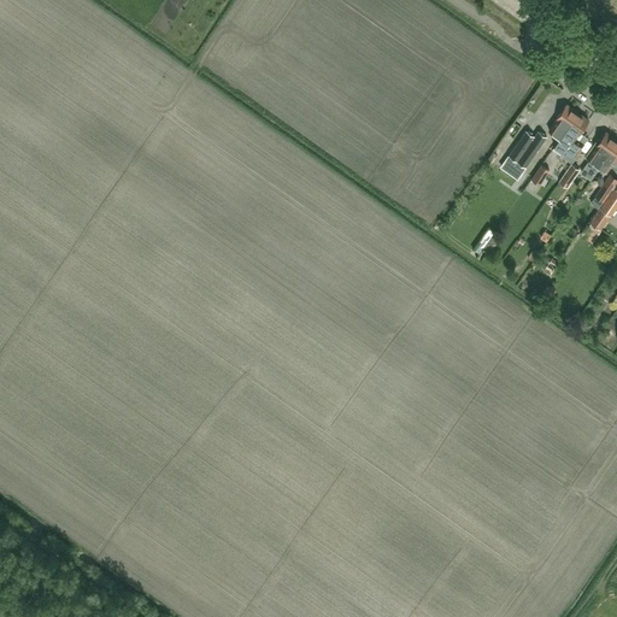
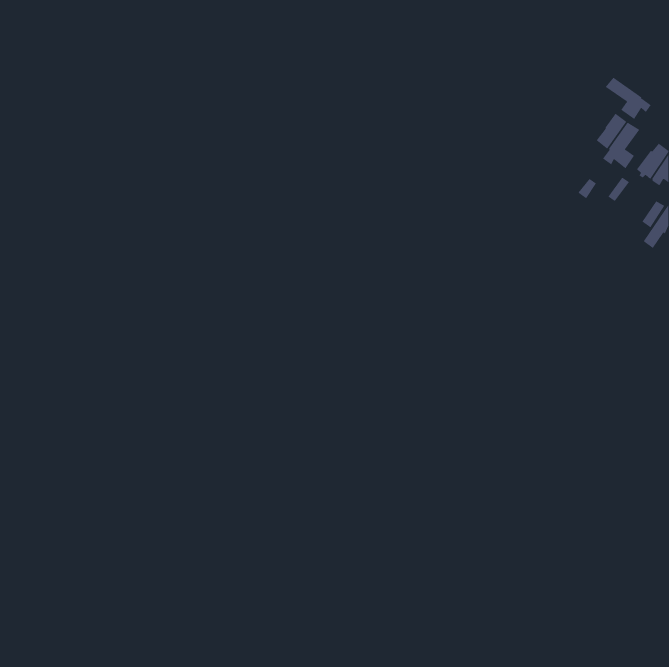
building: none -> [605,77,652,120]
building: [509,131,547,169] -> none

